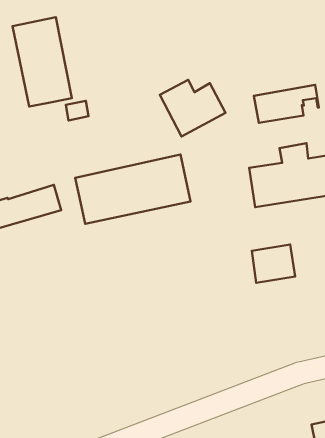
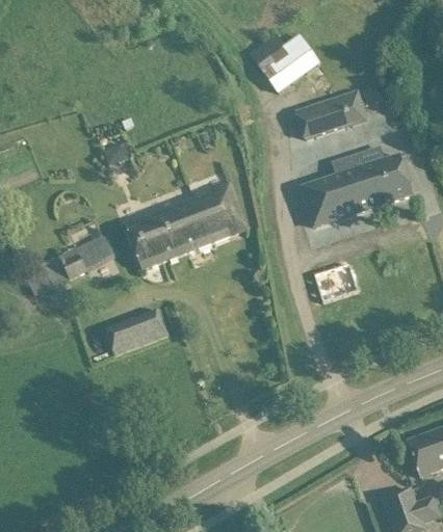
building: [13,17,72,107] -> none
building: [160,80,226,137] -> [250,32,320,91]
building: none -> [104,309,167,353]

